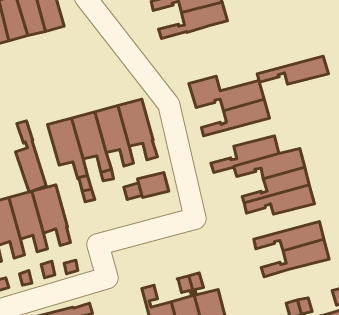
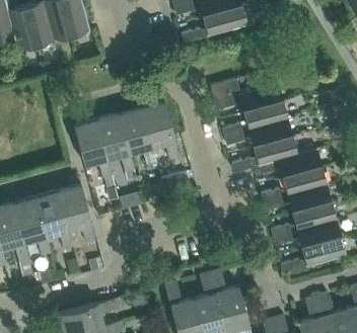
building: [257,56,328,84] -> [224,119,293,147]
building: [16,121,46,192] -> none
building: none -> [271,202,337,237]

